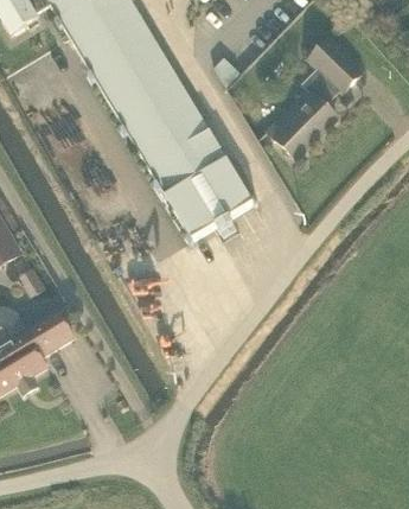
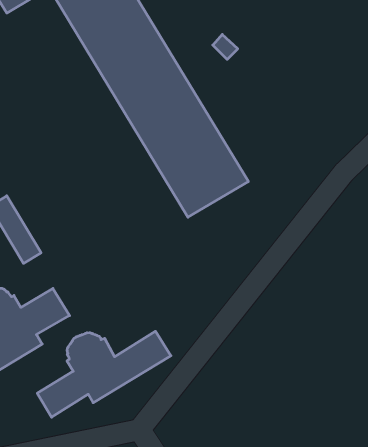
building: [267,37,362,158] -> none
building: none -> [37,331,171,417]

